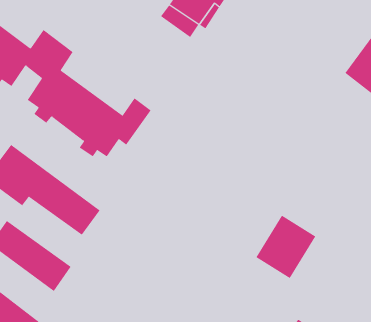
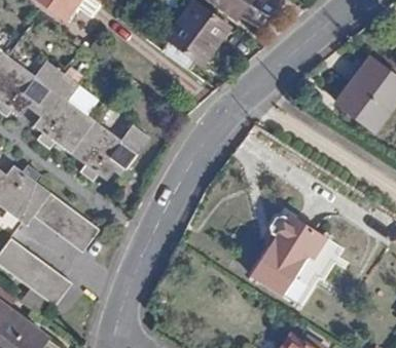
building: none -> [268,211,325,259]

